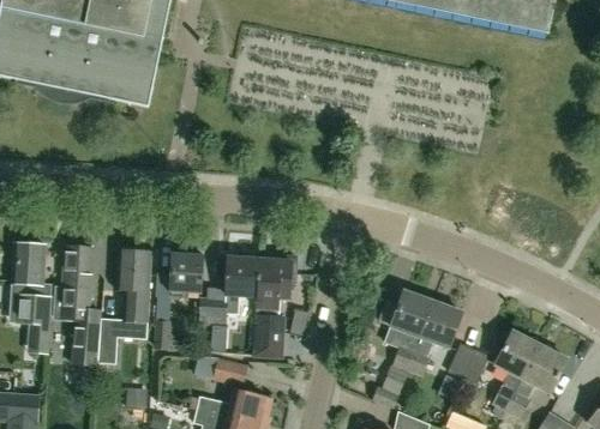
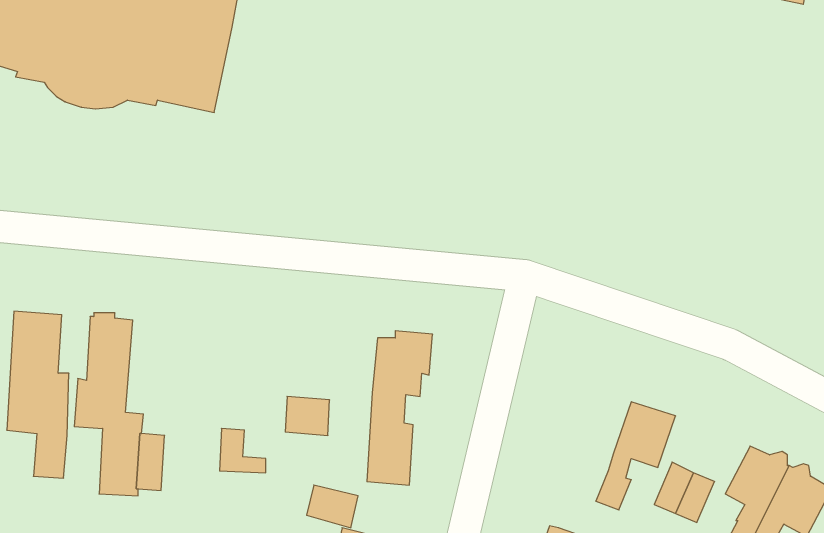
building: [116,248,155,324] -> none
building: [168,252,203,292] -> none
building: [224,256,259,296] -> none
building: [385,291,431,369] -> none

